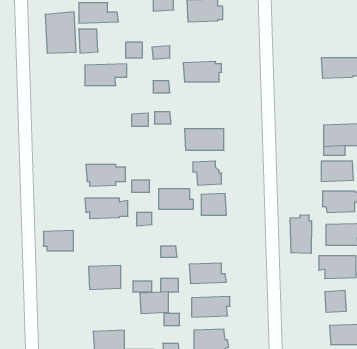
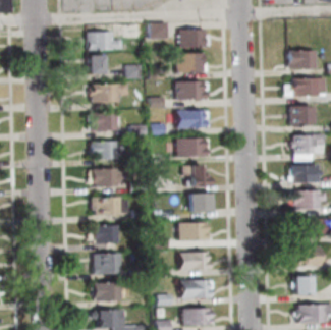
building: [45,12,76,53] -> none
building: none -> [288,51,315,69]
building: none -> [168,53,206,73]
building: none -> [289,106,311,126]
building: none -> [175,111,205,128]
building: none -> [89,112,116,130]
building: none -> [90,142,122,159]
building: [159,189,193,209] -> [179,223,209,240]
building: [290,215,311,254] -> none
building: [43,230,73,251] -> [93,226,118,243]
building: [140,292,169,314] -> [97,283,121,301]

